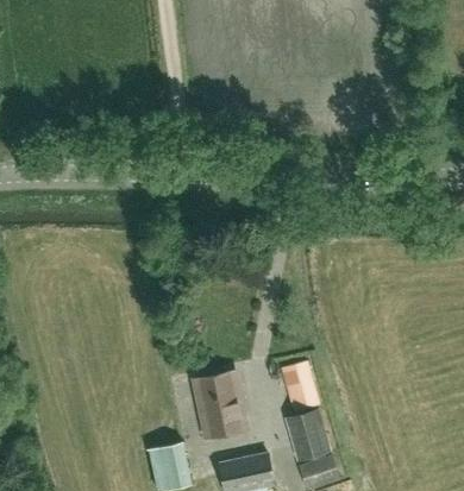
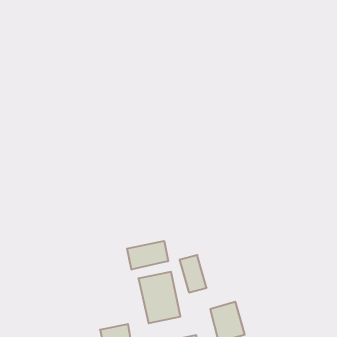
building: none -> [127,241,168,270]
building: [282,363,316,410] -> [180,255,207,292]

